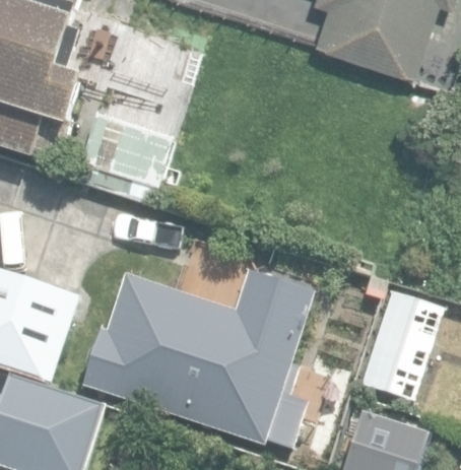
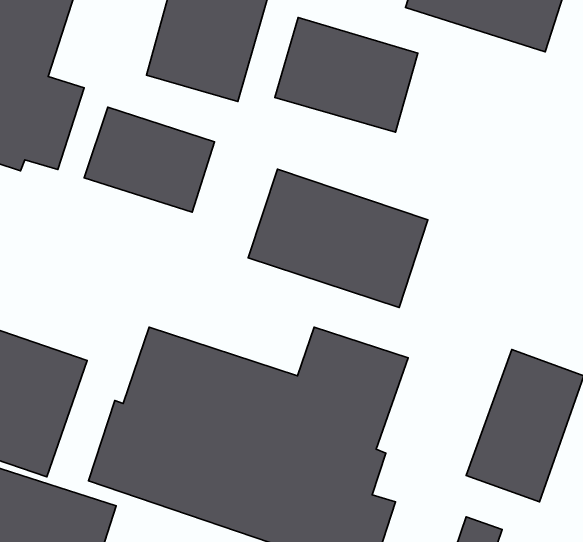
building: none -> [275,17,418,132]
building: none -> [248,169,428,307]

